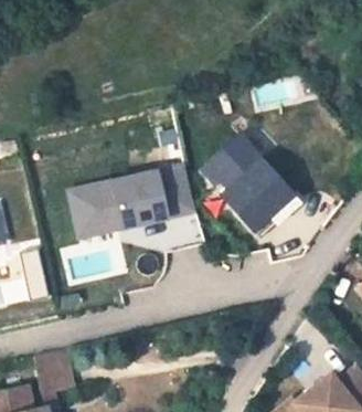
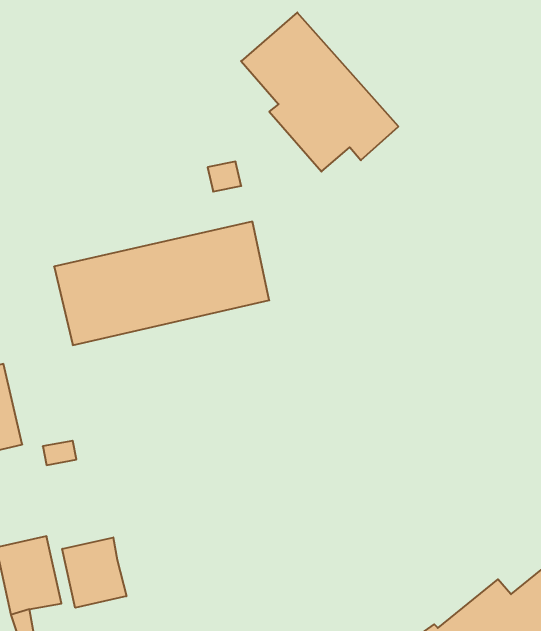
building: [206,136,299,230] -> [241,12,398,172]
building: none -> [62,537,126,608]

